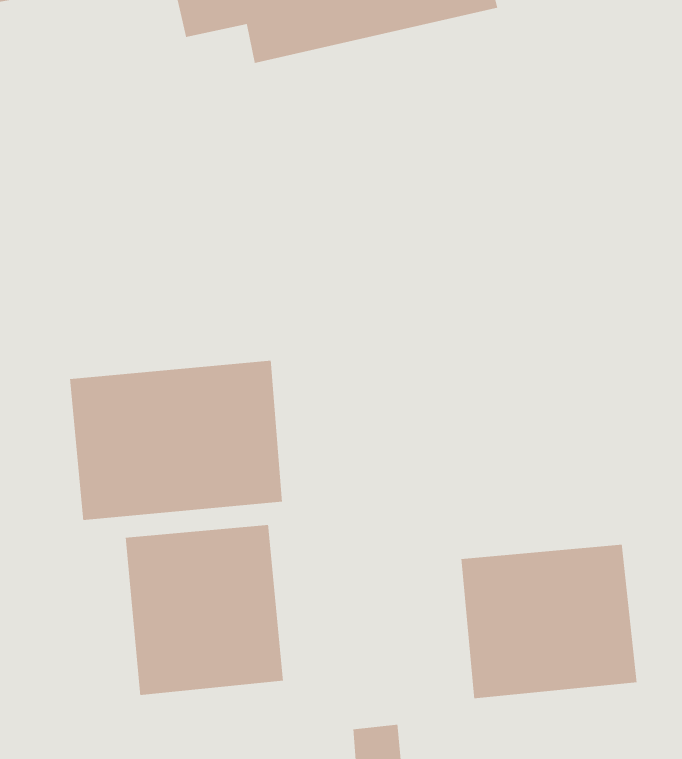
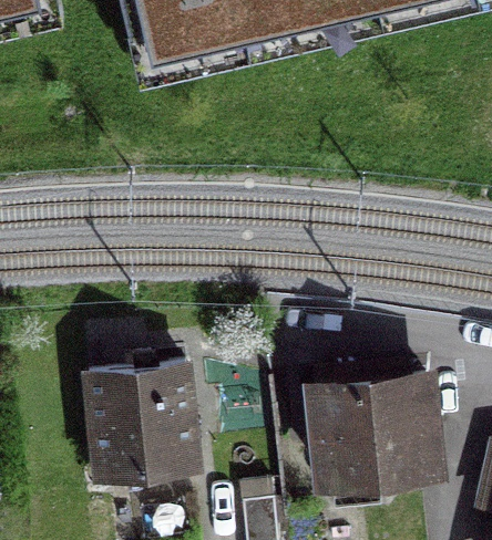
building: [69,360,283,521] -> none

